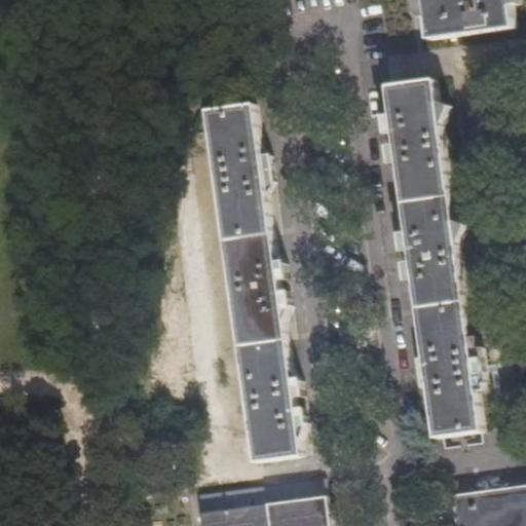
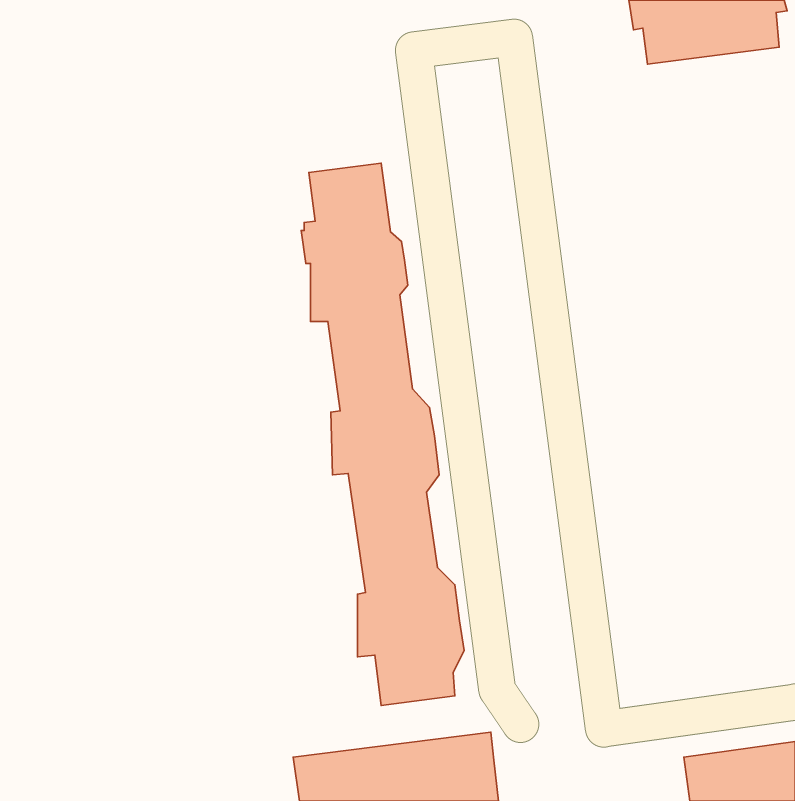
building: [376,83,482,437] -> none

